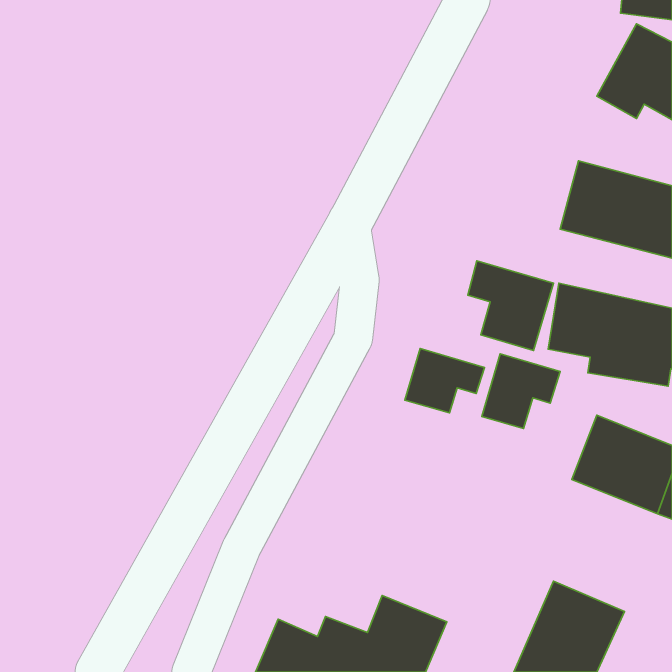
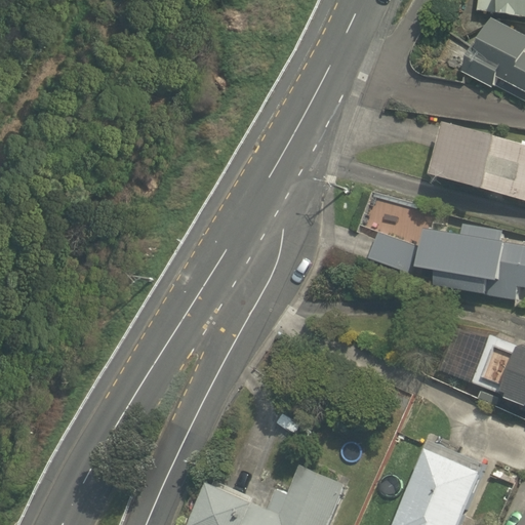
building: [405,348,484,413] -> none
building: [482,354,560,428] -> none

